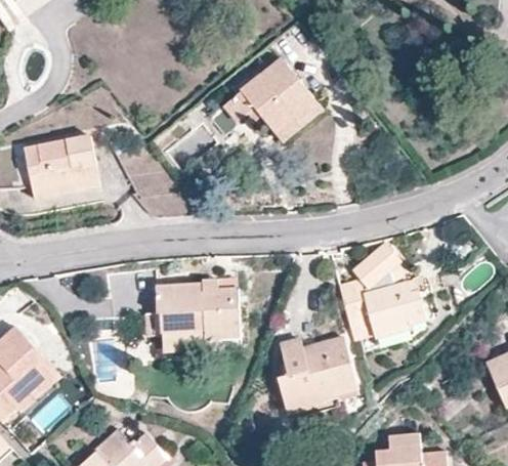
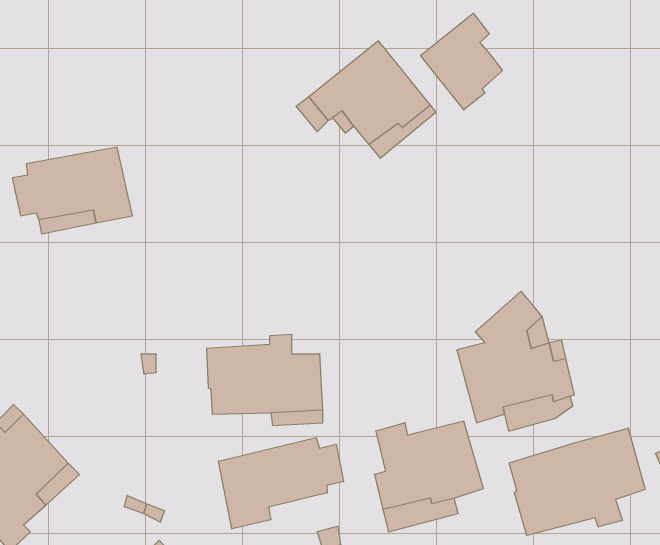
building: none -> [420,13,502,110]
building: none -> [509,428,645,536]
building: none -> [218,438,344,529]

